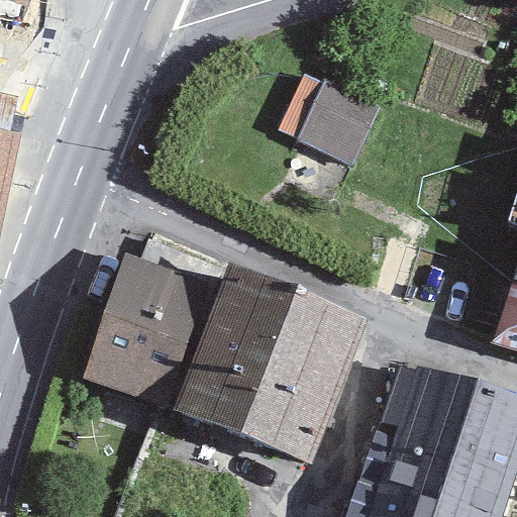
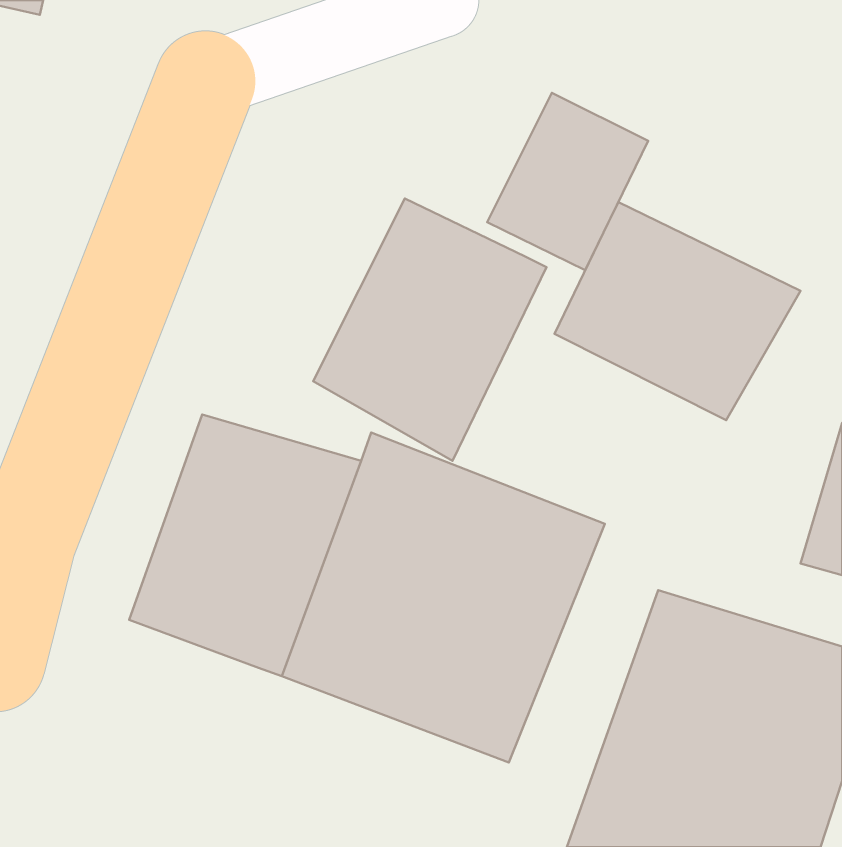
building: none -> [313,198,547,461]
building: none -> [554,202,801,420]

